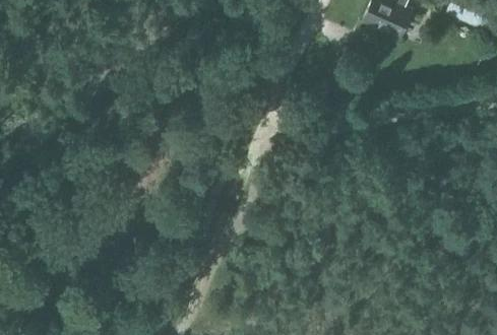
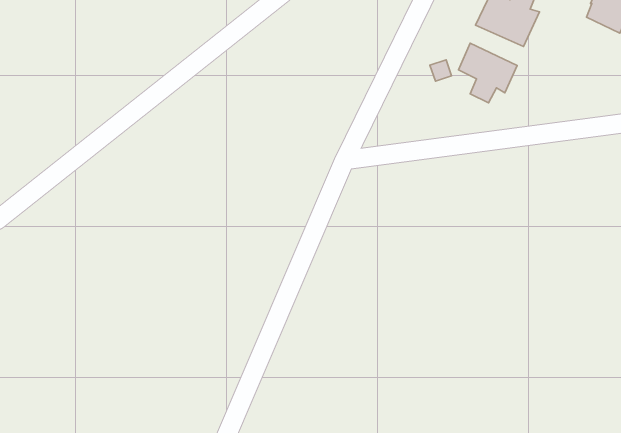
building: none -> [459,43,517,103]

